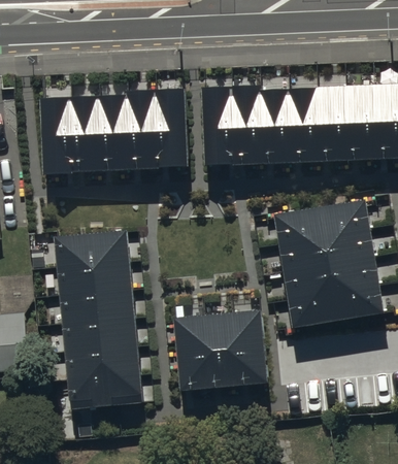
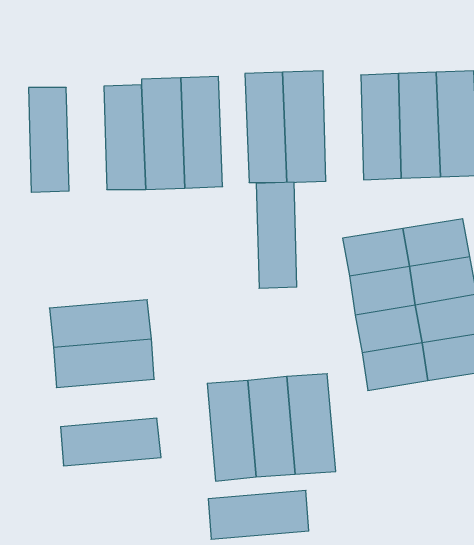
building: [260,92,290,170] -> [256,182,297,288]
building: [70,100,100,177] -> none
building: [56,228,130,264] -> none
building: [63,317,137,352] -> none
building: [68,374,142,410] -> [208,490,309,539]

